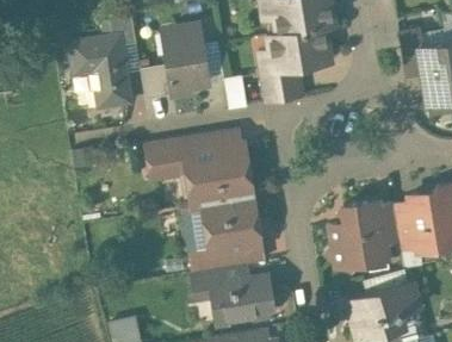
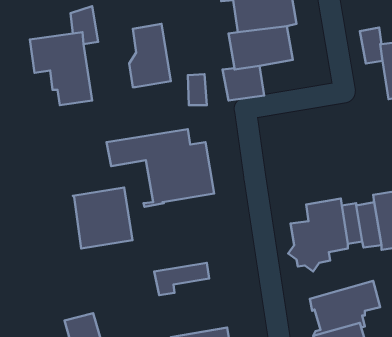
building: [141,67,175,101] -> none
building: [202,197,261,257] -> [73,188,133,249]
building: [212,279,272,323] -> none

